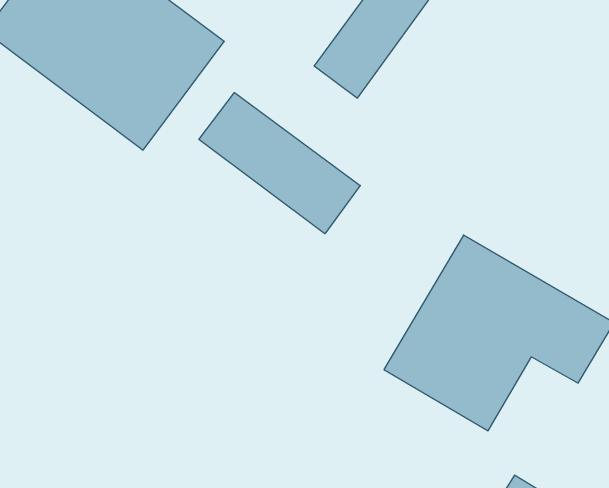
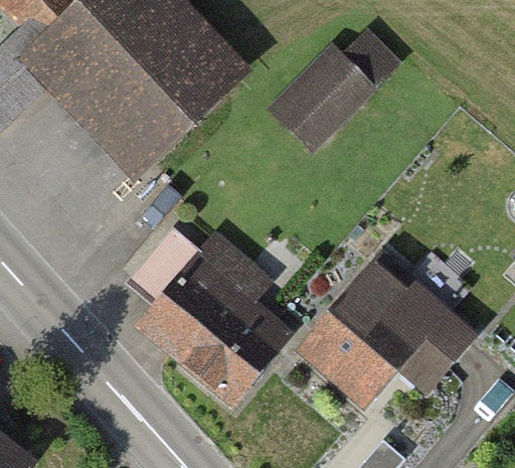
building: [199,93,360,234] -> none
building: none -> [134,233,292,405]

